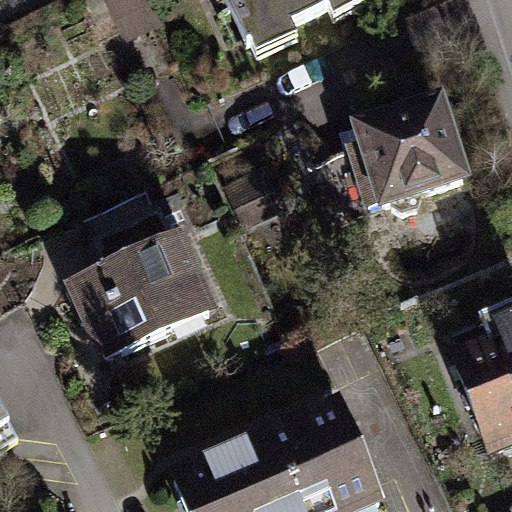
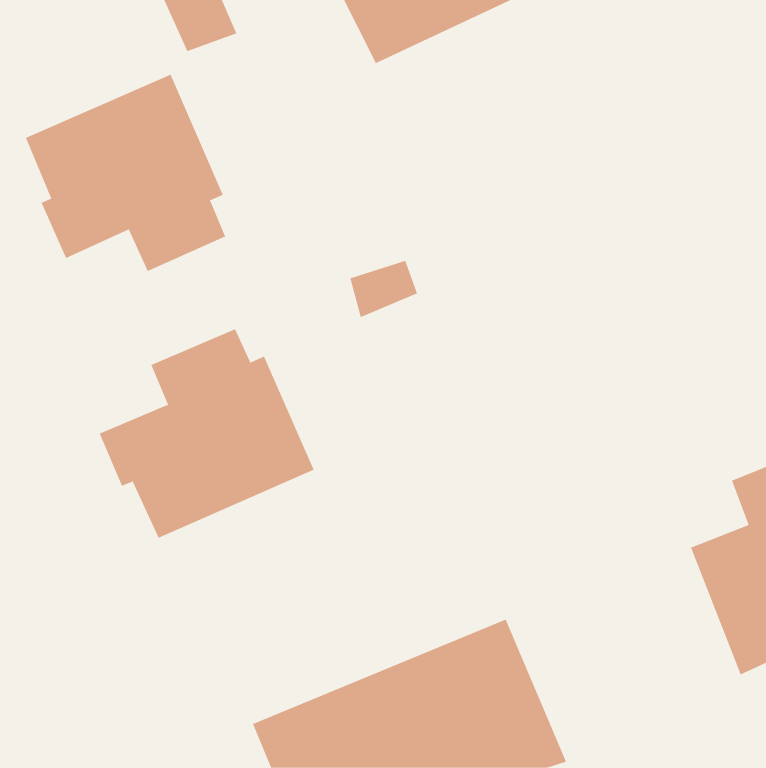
building: none -> [25,74,226,272]
building: [337,104,472,214] -> none

